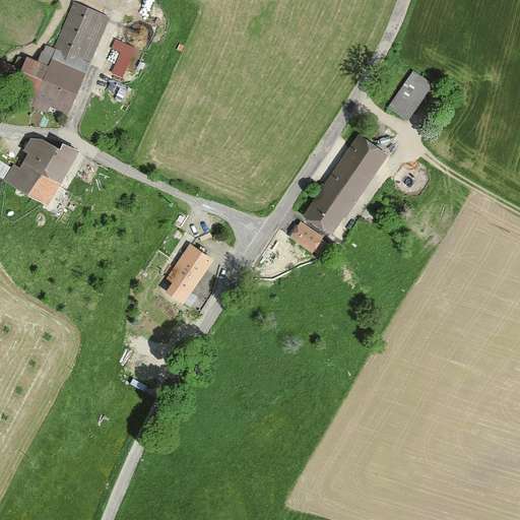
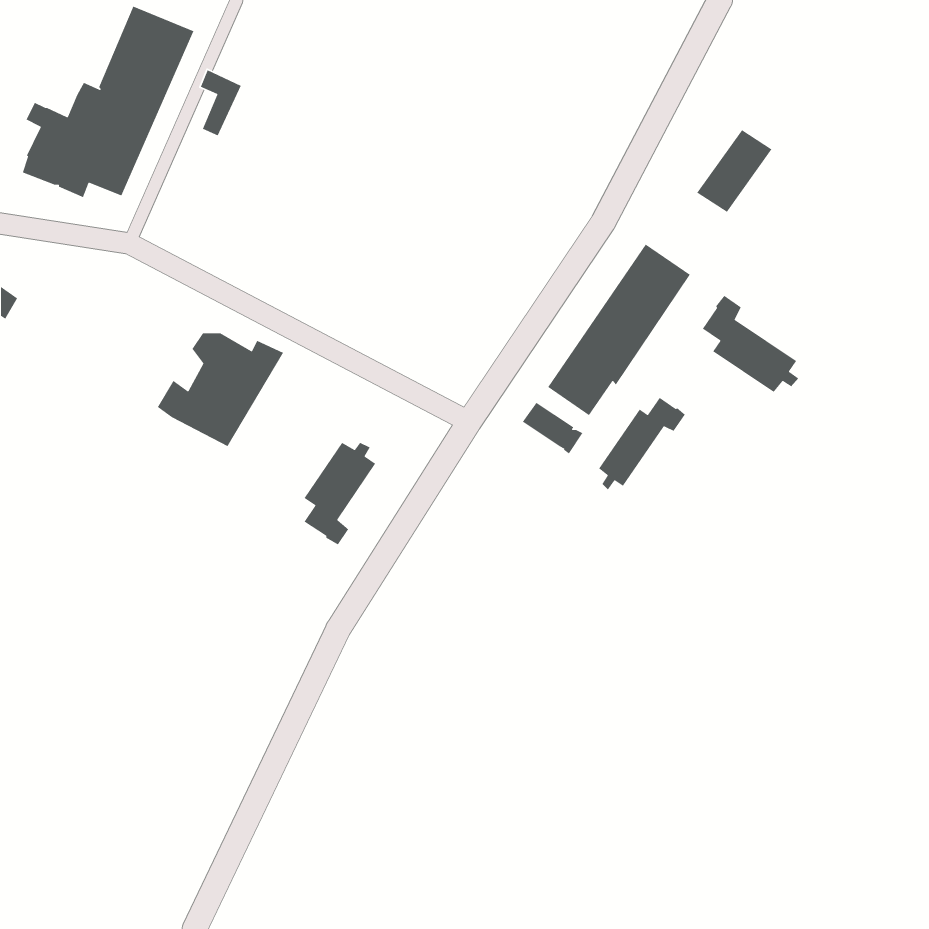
building: [6,139,77,203] -> [157,332,284,447]
building: none -> [702,295,799,393]
building: none -> [598,397,686,490]

